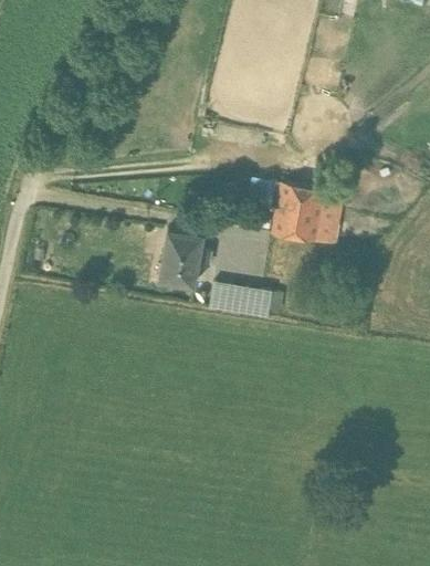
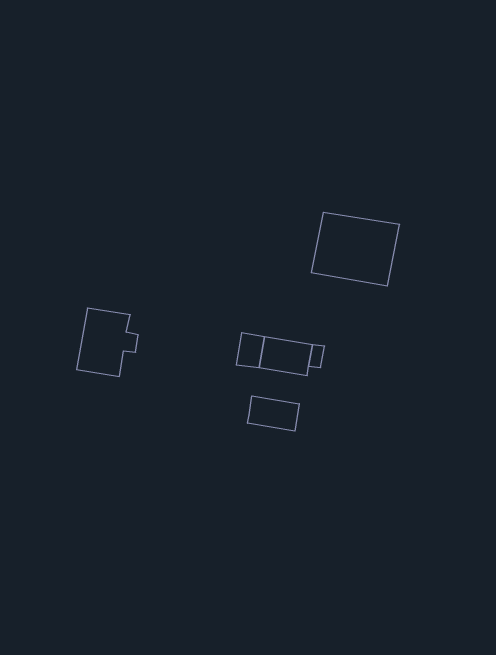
building: [158,230,209,286] -> [77,308,138,376]
building: none -> [248,396,299,431]

